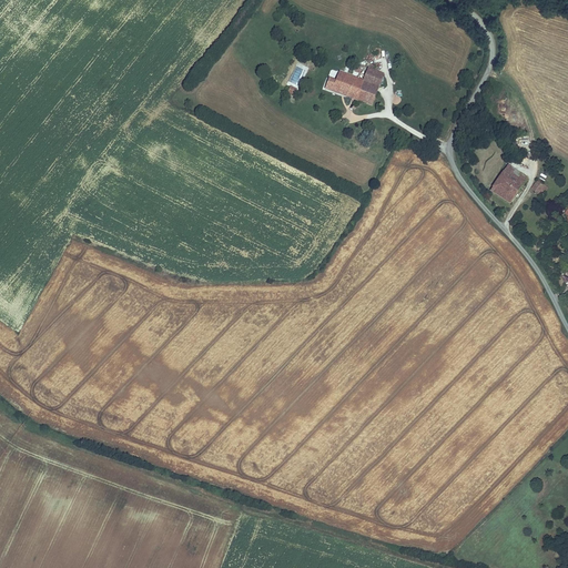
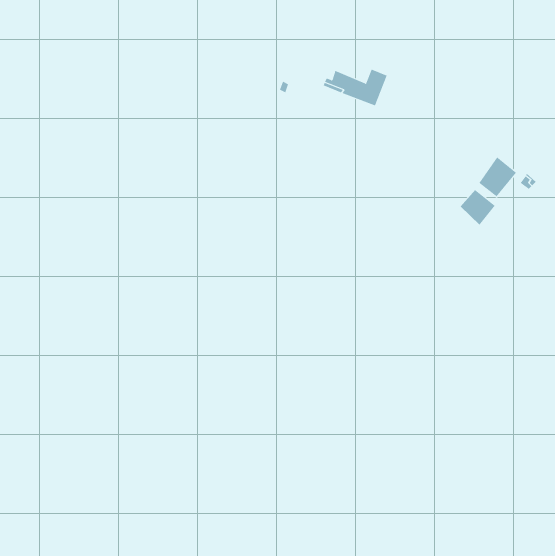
building: none -> [460,189,495,225]

